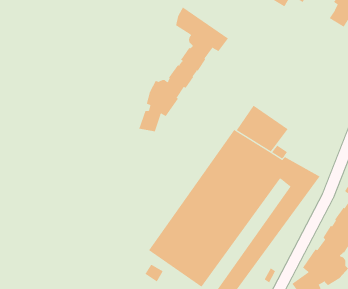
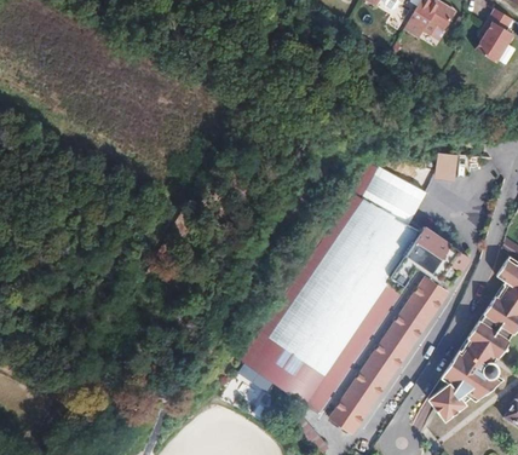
building: [139,6,229,132] -> none
building: none -> [432,149,456,178]

